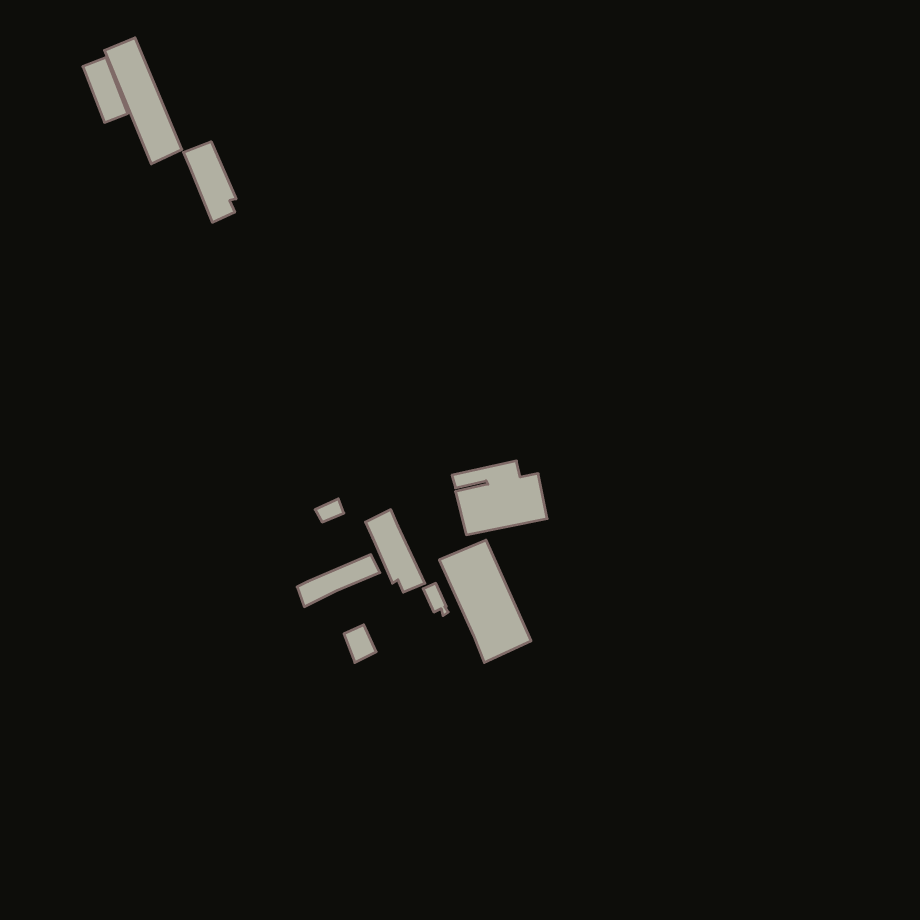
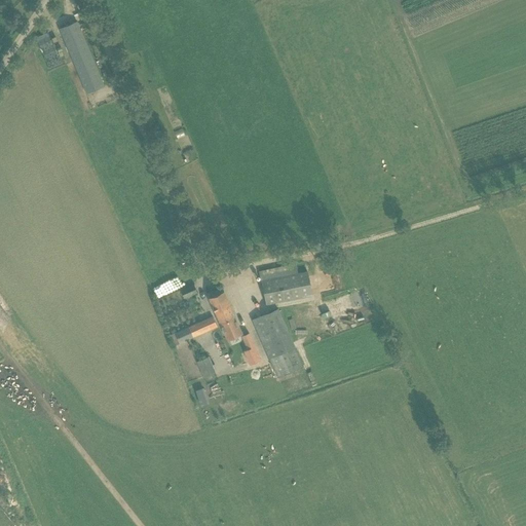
building: [183,142,236,222] -> none

